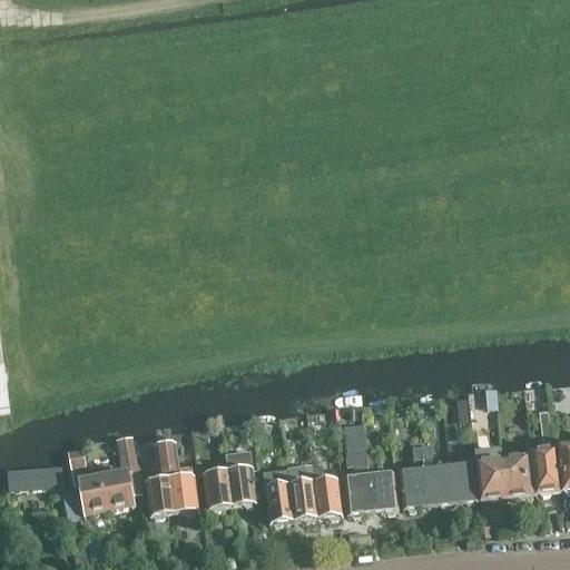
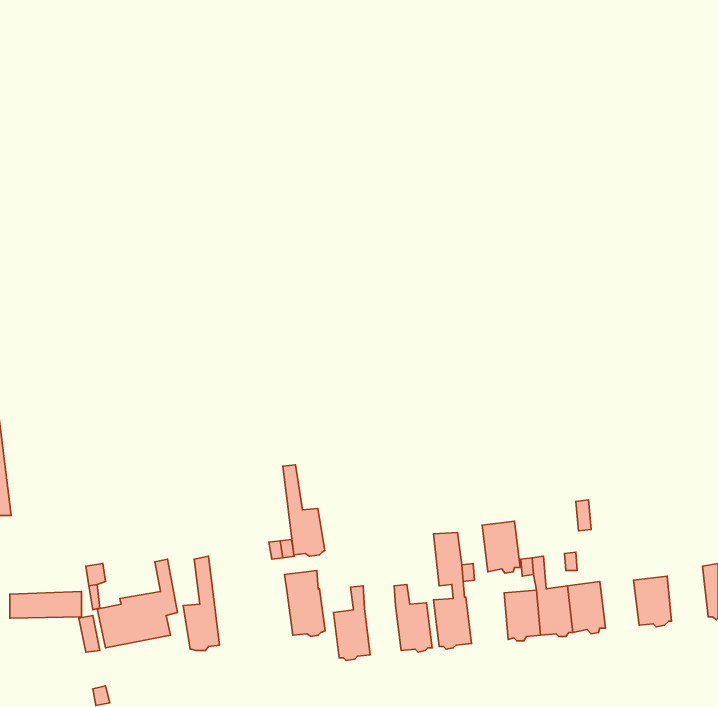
building: [165,439,198,511] -> [283,465,325,556]
building: [474,446,505,497] -> none
building: [531,448,560,492] -> none
building: [287,468,317,518] -> none
building: [202,469,232,508] -> none
building: [368,469,399,510] -> [482,521,520,573]

